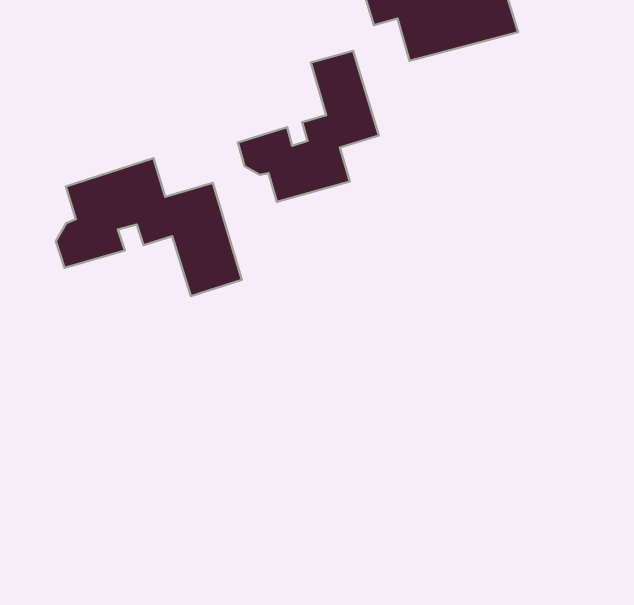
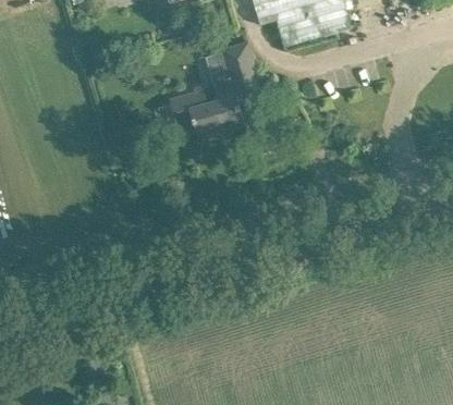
building: [56,158,242,296] -> none

